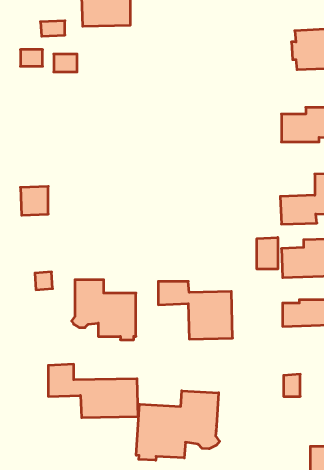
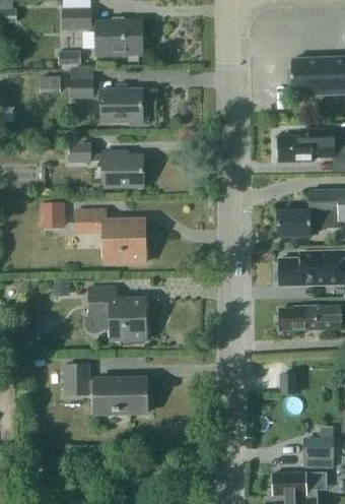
building: none -> [100,90,145,125]
building: none -> [70,144,142,188]
building: [257,237,278,269] -> none
building: [158,281,233,339] -> [76,210,144,263]
building: [136,391,220,460] -> none

